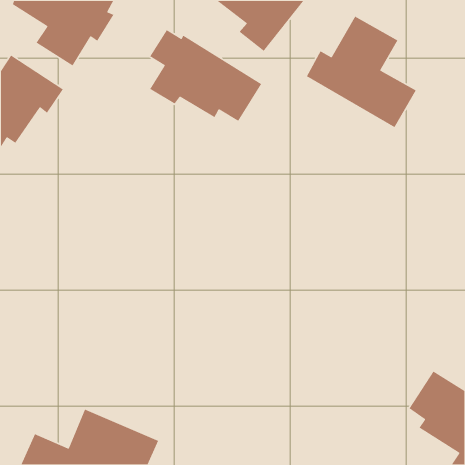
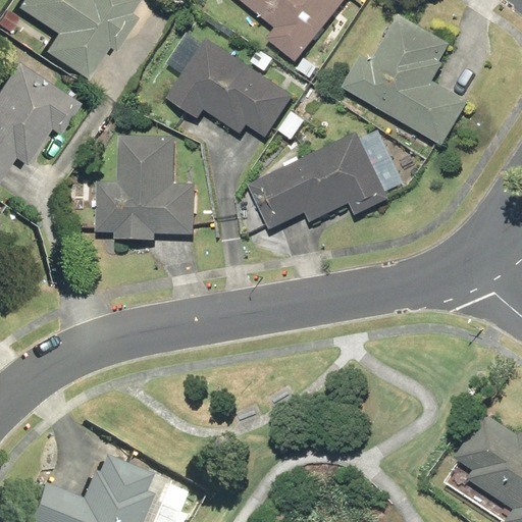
building: none -> [252,133,388,226]
building: none -> [97,138,193,241]

